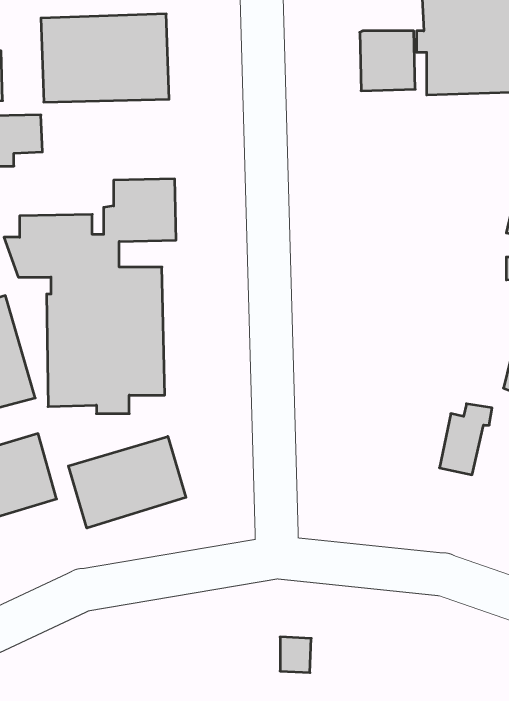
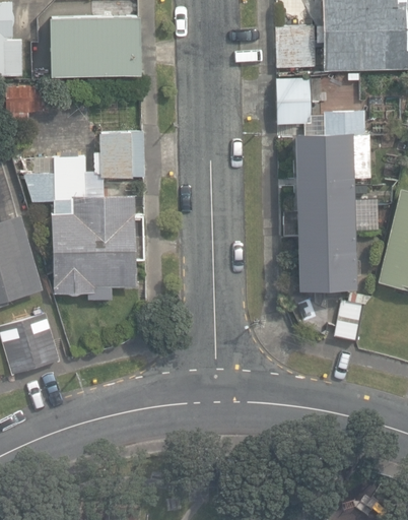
building: none -> [277,78,370,288]
building: [68,436,186,528] -> none

